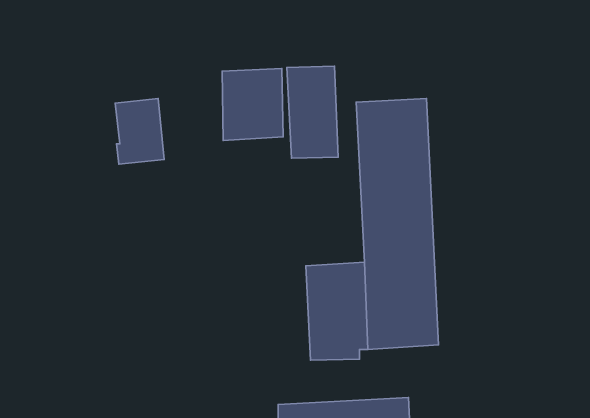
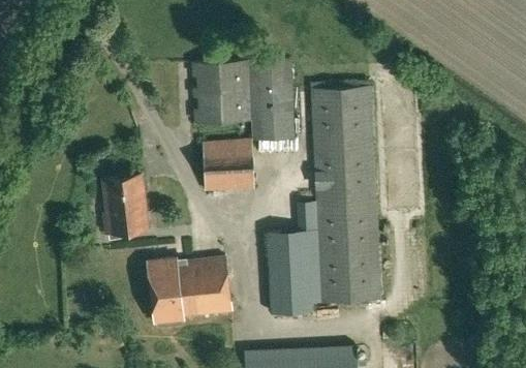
building: [115,98,164,164] -> [104,176,147,233]
building: none -> [203,140,254,193]
building: none -> [148,258,231,324]

